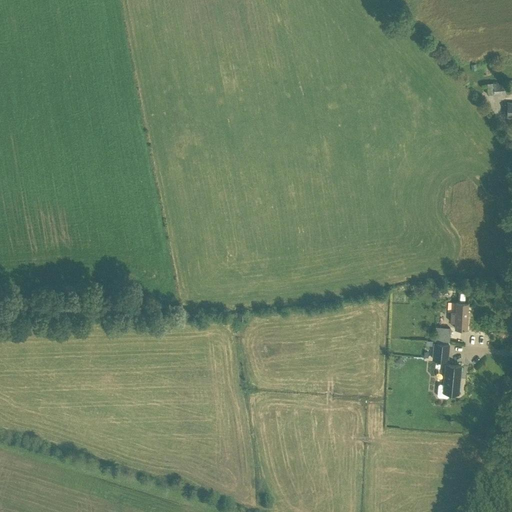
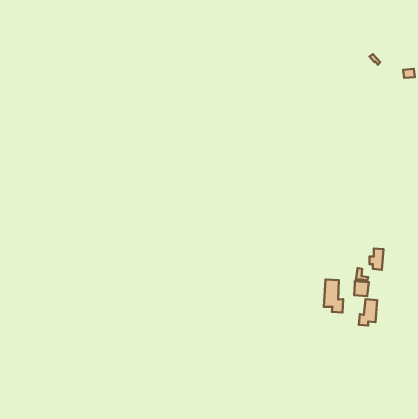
building: none -> [324,279,343,312]

